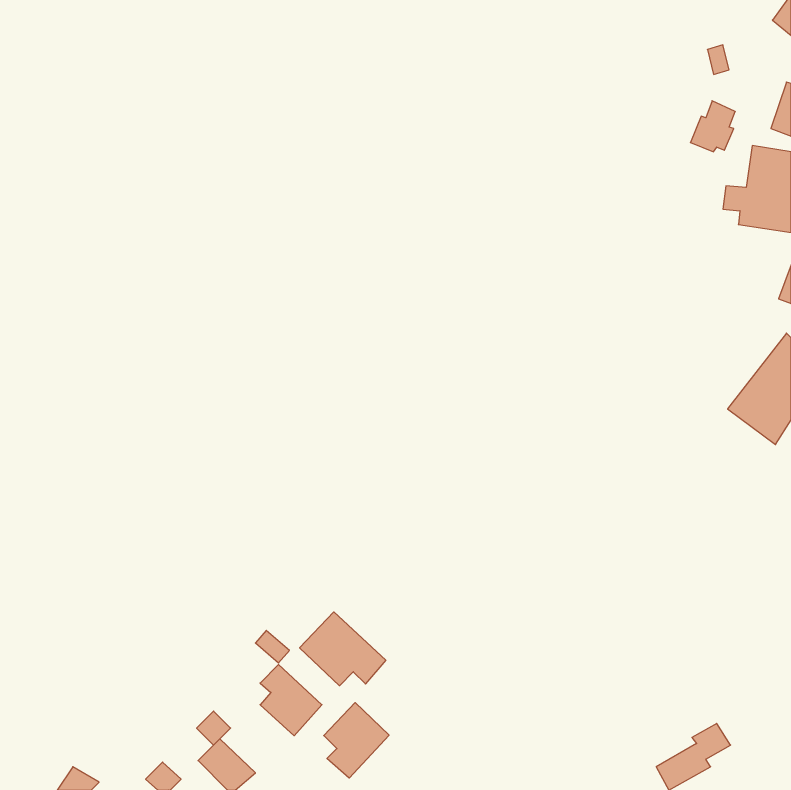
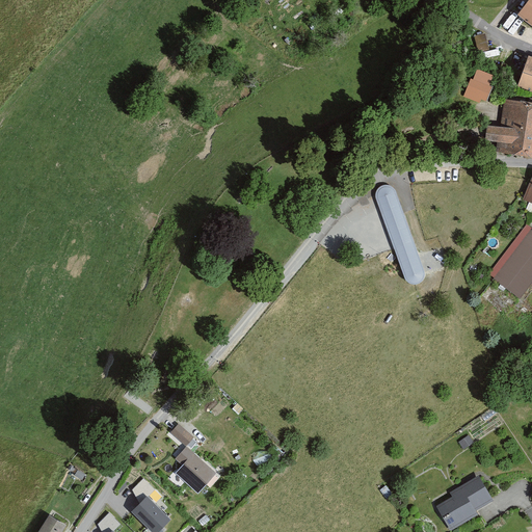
building: none -> [373,186,424,281]
building: [300,612,386,686] -> none
building: [324,703,389,778] -> none

